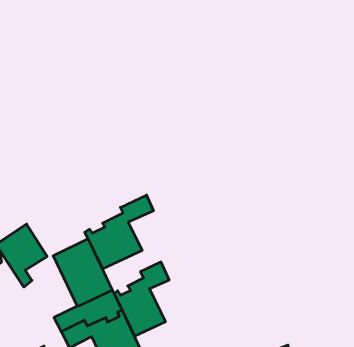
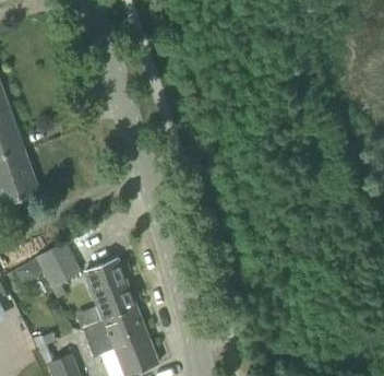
building: [85,195,153,269] -> none
building: [114,262,169,336] -> none

